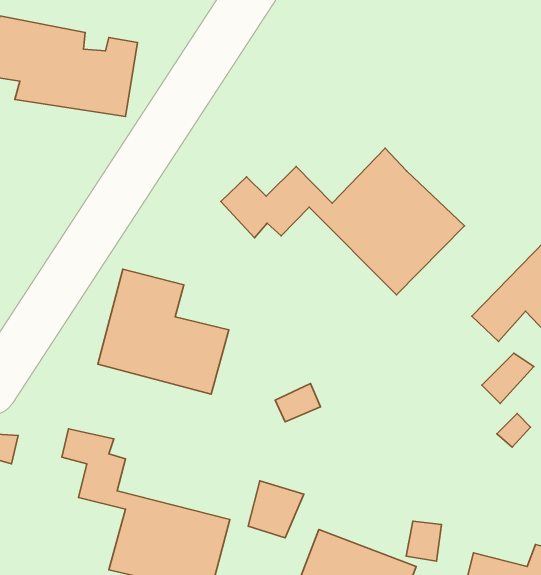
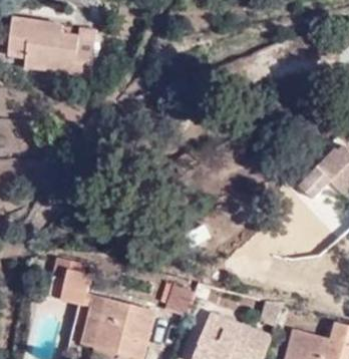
building: [221,148,464,295] -> none
building: [98,269,229,394] -> none

